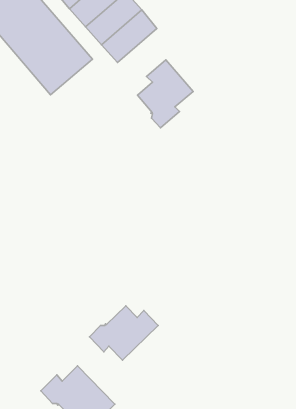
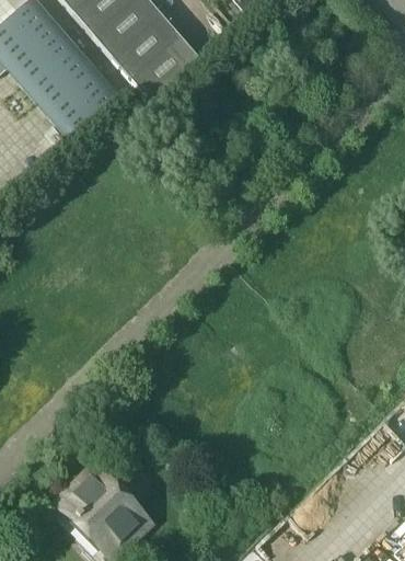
building: [138,60,193,128] -> none
building: [90,306,158,360] -> none

